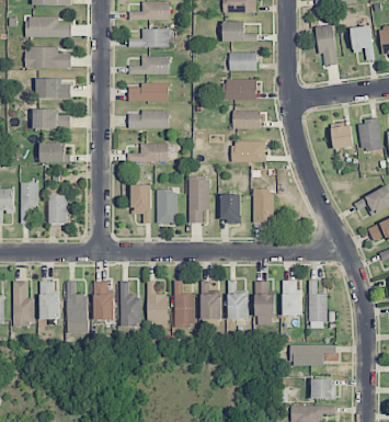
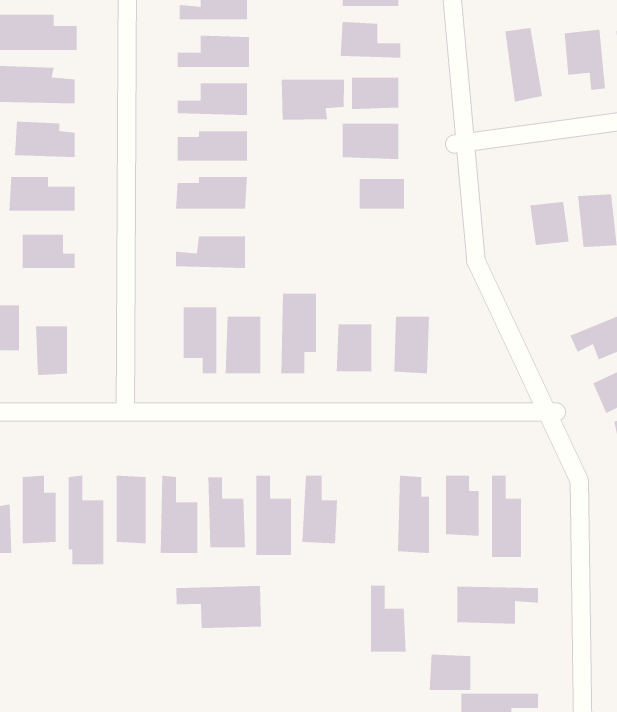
building: none -> [281,79,345,121]
building: [232,140,265,161] -> none
building: [228,281,249,319] -> [370,585,406,652]
building: none -> [176,585,262,629]
building: [311,378,335,399] -> [429,654,471,690]

